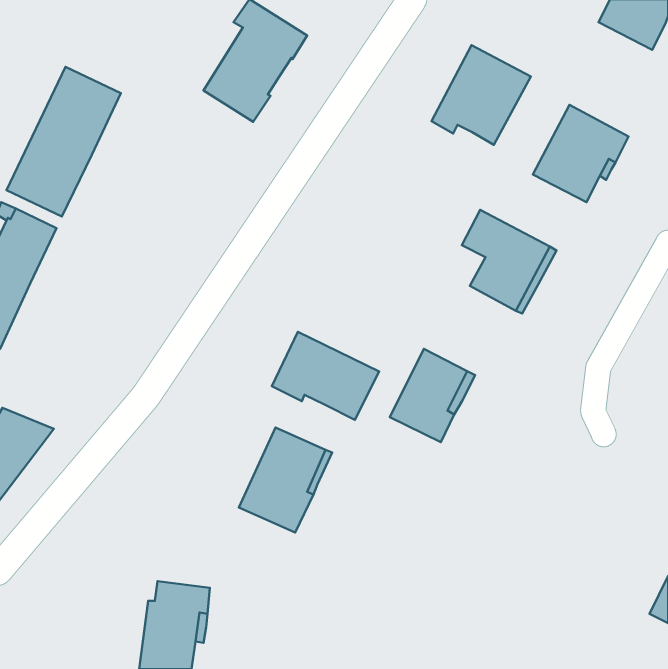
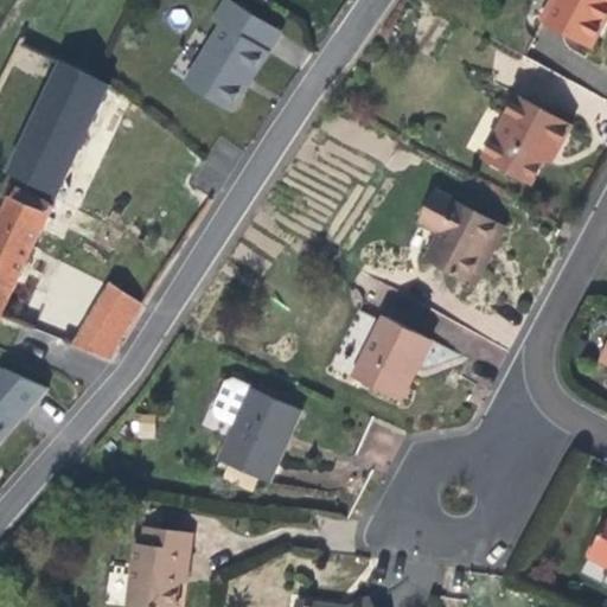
building: [431,45,531,145] -> none
building: none -> [76,286,142,360]
building: [272,332,379,420] -> none

